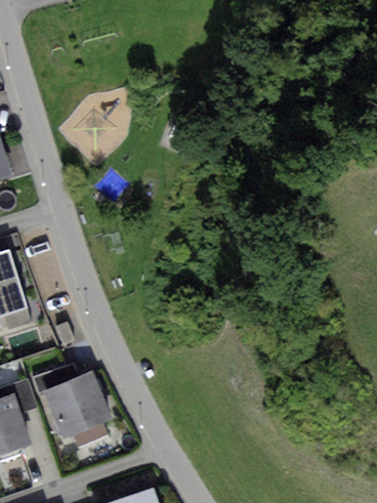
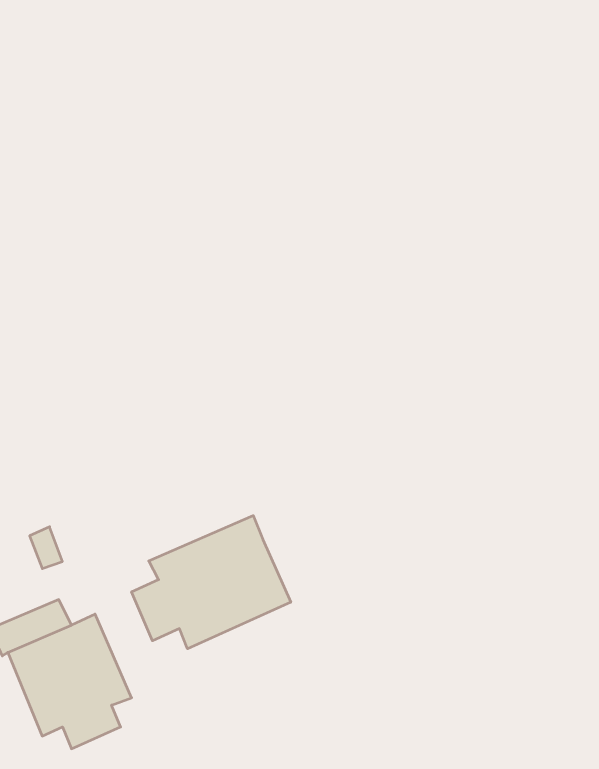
building: none -> [132,516,291,649]

